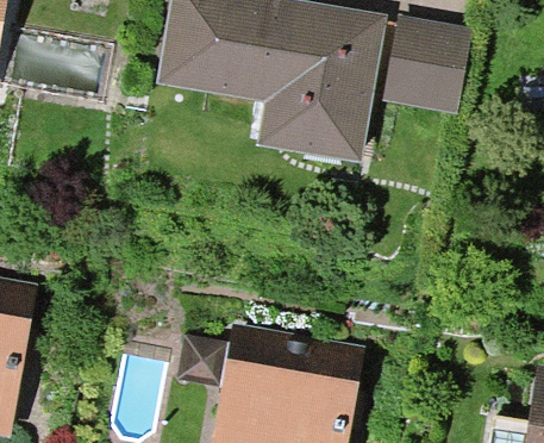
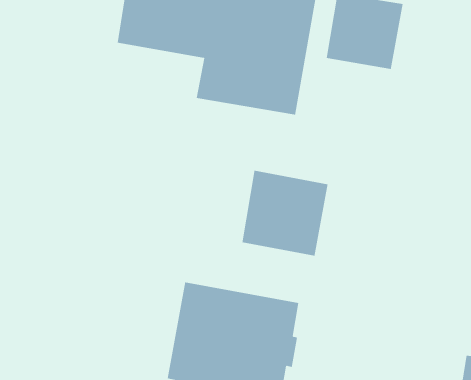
building: none -> [242,170,328,256]

